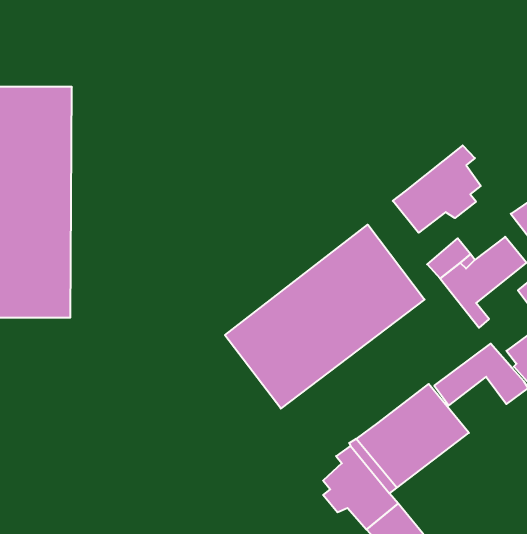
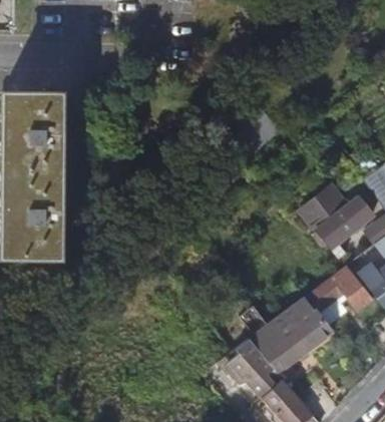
building: [393,145,481,233] -> none
building: [225,225,425,409] -> none

